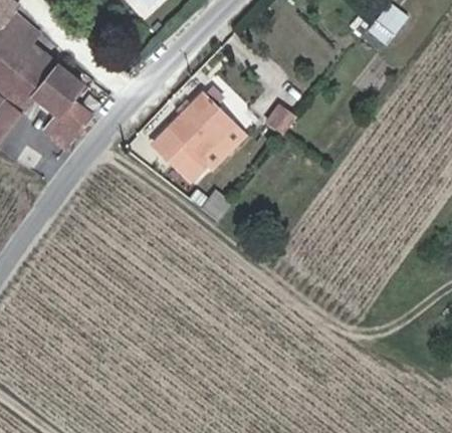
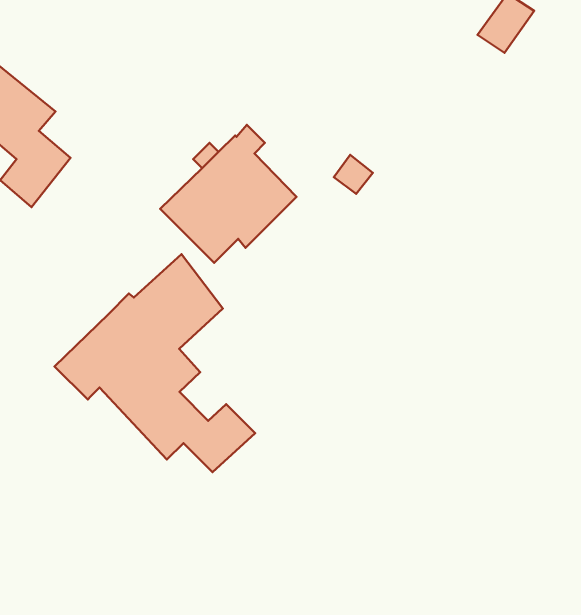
building: none -> [55,254,255,472]

